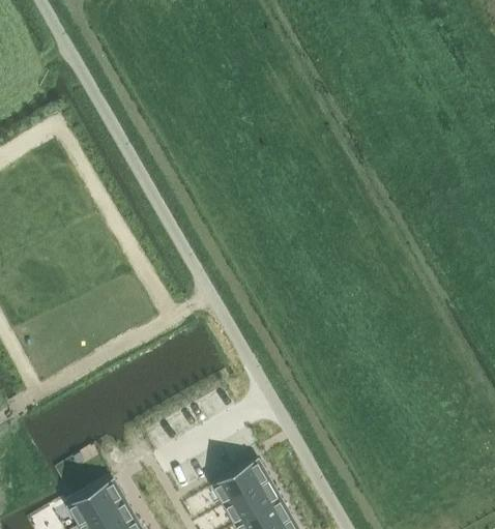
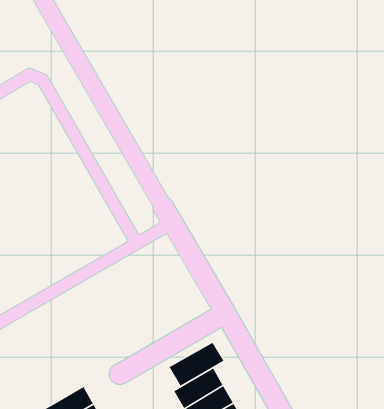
building: none -> [168,342,224,387]

